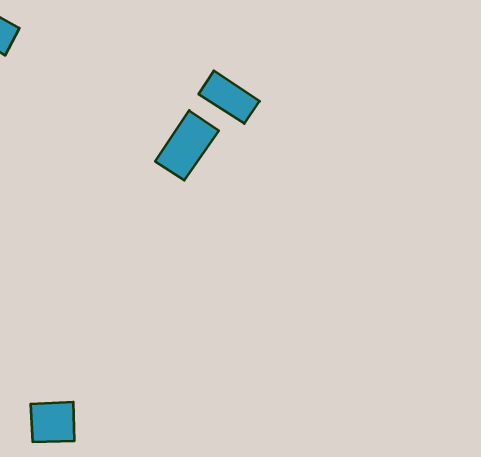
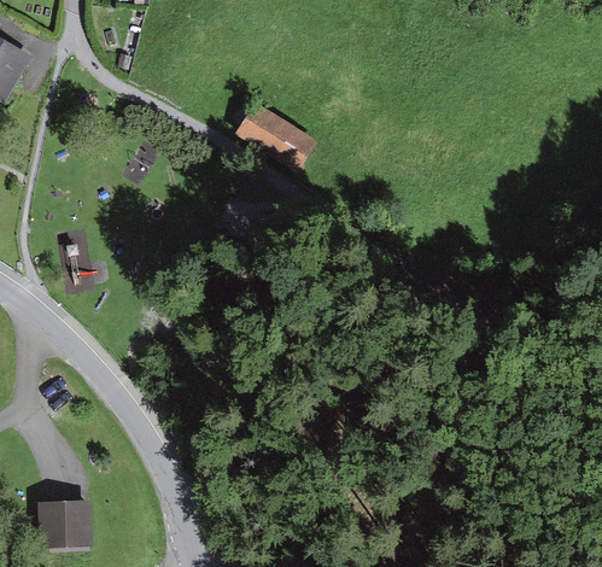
building: [155,110,219,180] -> none

